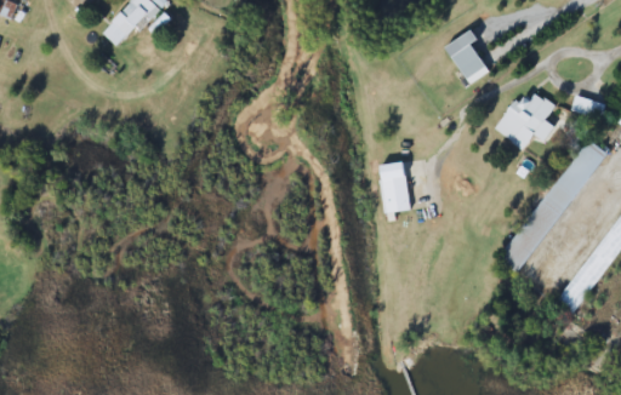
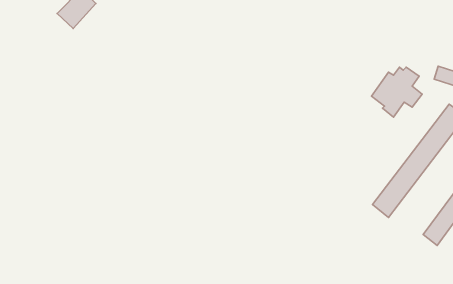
building: [444,24,491,82] -> none
building: [378,160,410,212] -> none

